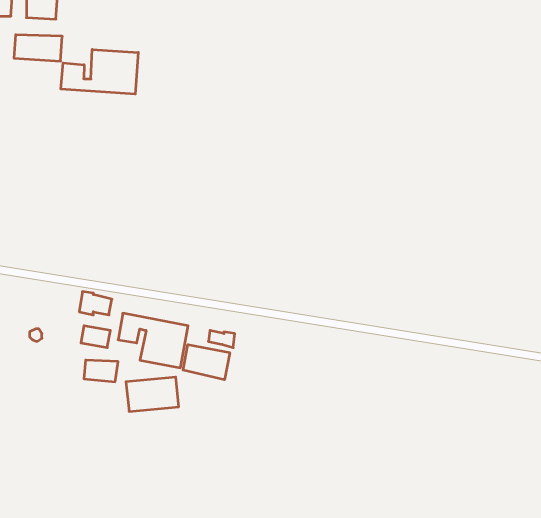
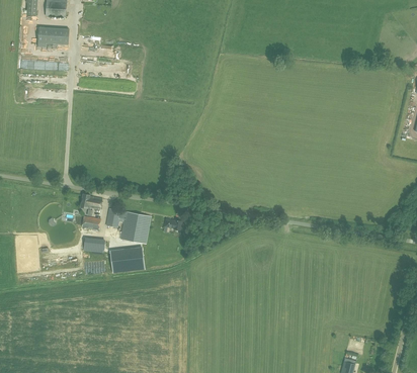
building: [61,49,138,94] -> none
building: [183,345,230,380] -> none

